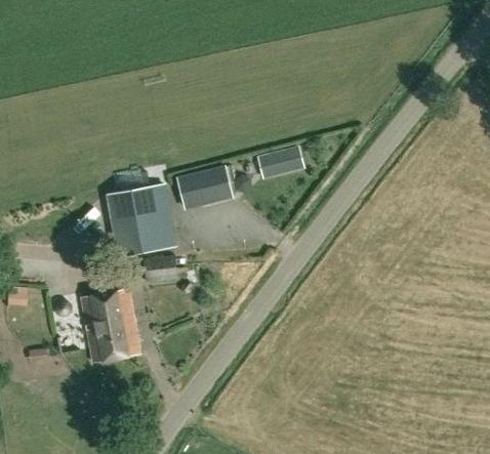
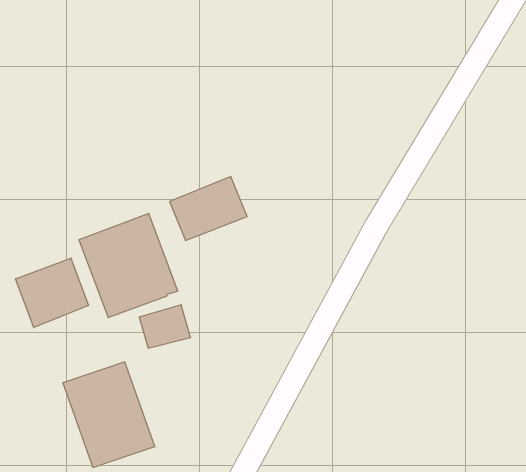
building: [255,143,302,174] -> none
building: none -> [16,258,89,328]

